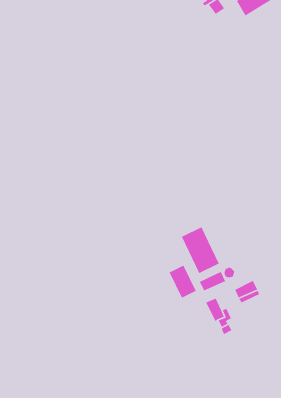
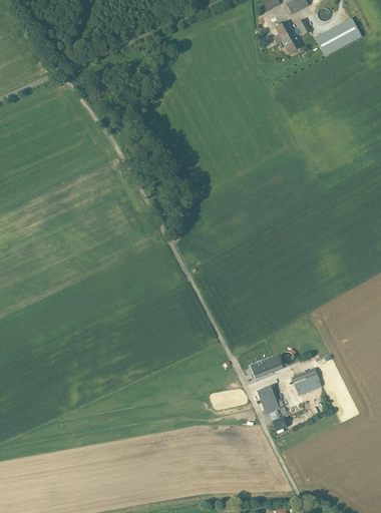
building: [181,226,220,274] -> none
building: [169,265,197,299] -> none

